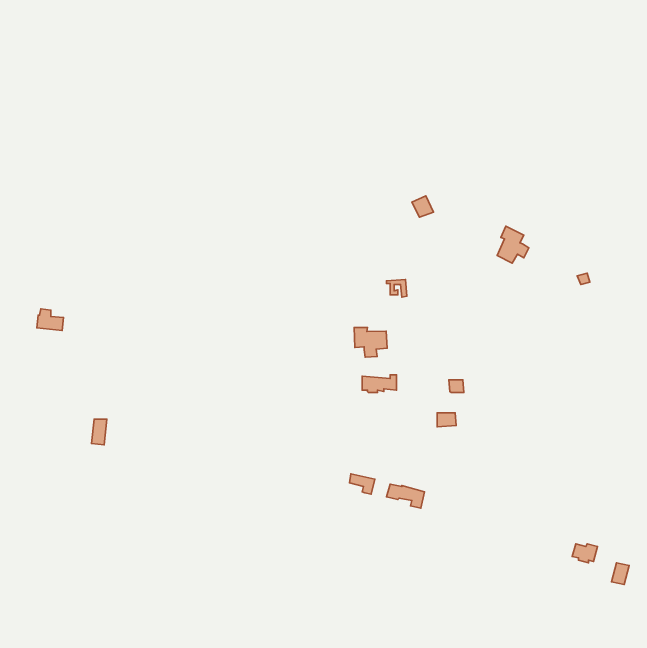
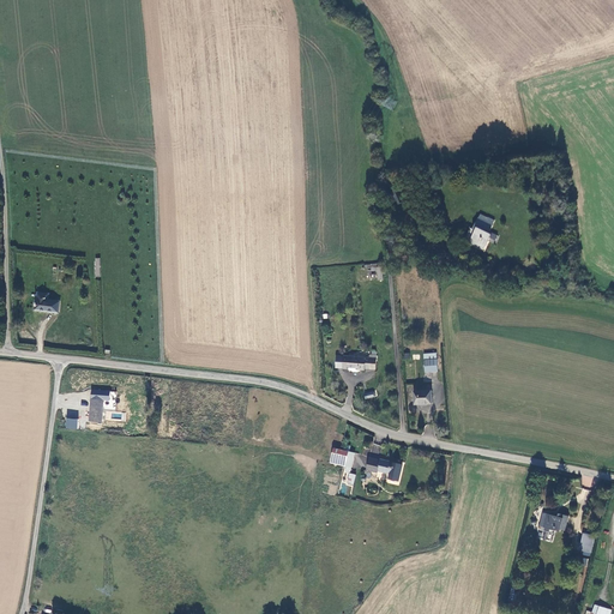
building: [354,328,387,357] -> none

